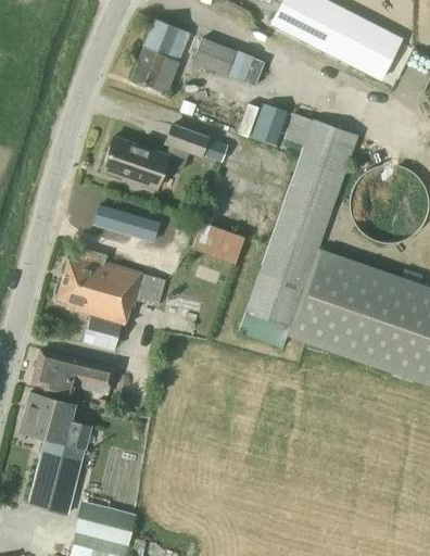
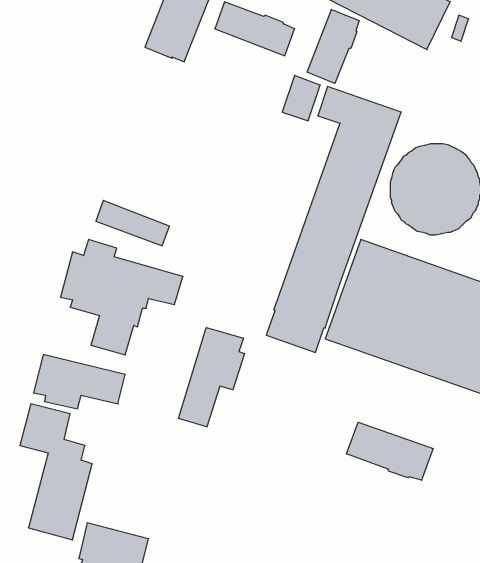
building: none -> [307,9,359,83]
building: [101,125,228,189] -> none
building: [192,223,244,264] -> none
building: none -> [178,328,245,427]
building: none -> [347,422,433,480]

